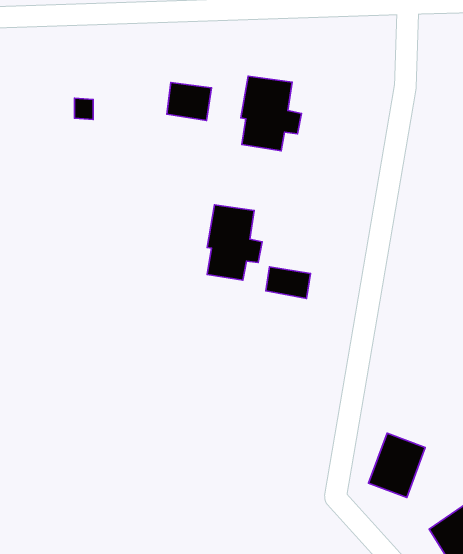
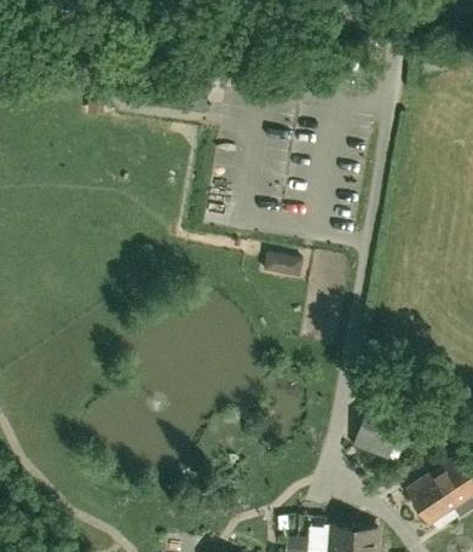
building: [241,76,301,151] -> none
building: [207,205,262,280] -> none

